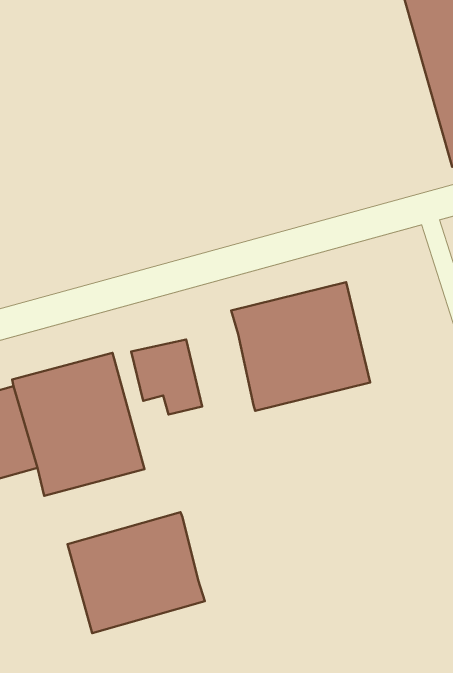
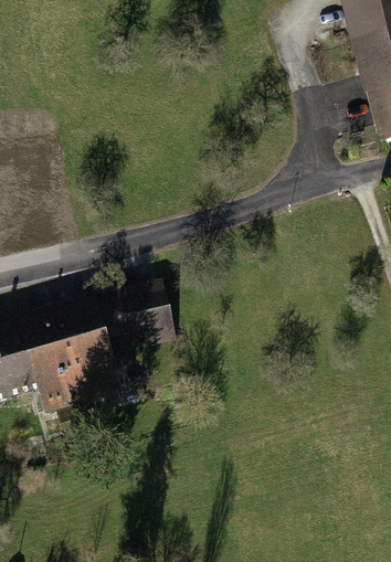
building: [231,282,370,411] -> none
building: [67,512,205,633] -> none

